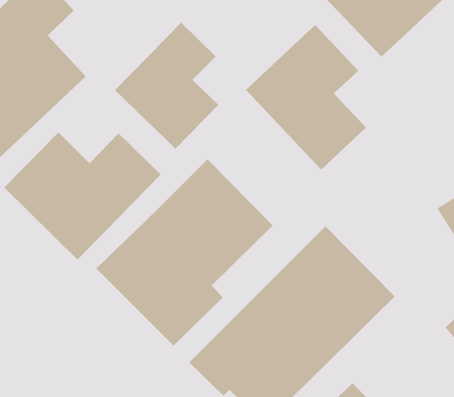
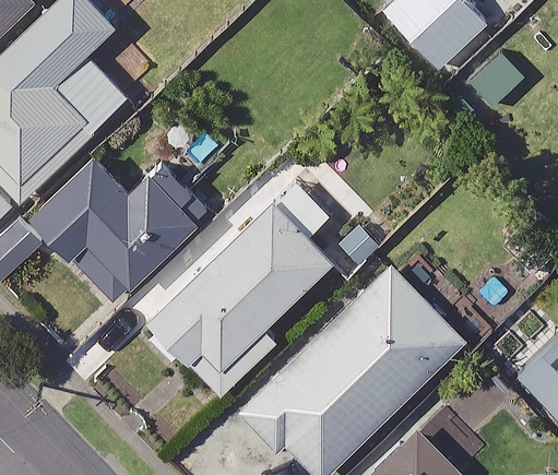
building: [114,22,219,150] -> none
building: [245,24,367,171] -> none

